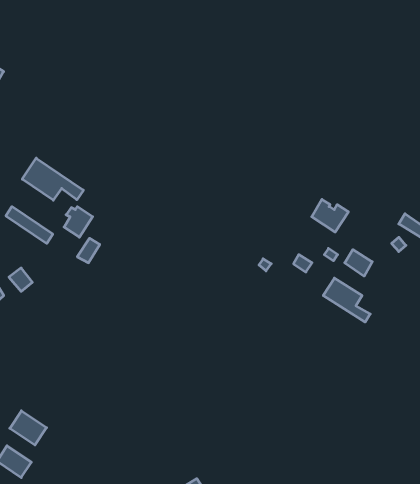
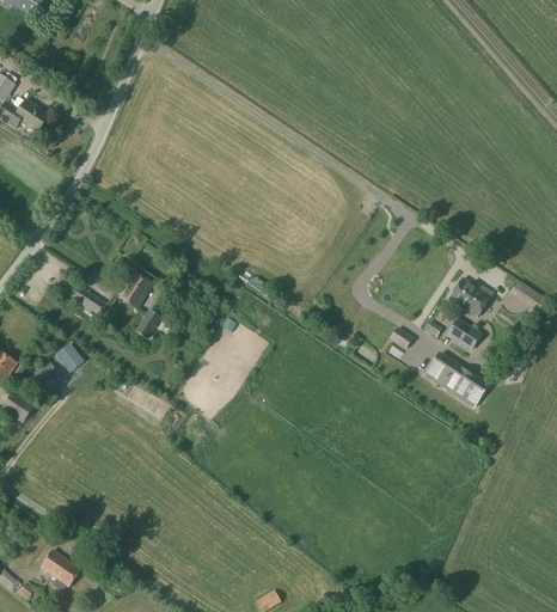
building: [22,158,83,200] -> none
building: [312,199,348,232] -> [449,280,492,318]
building: [10,411,47,445] -> none

